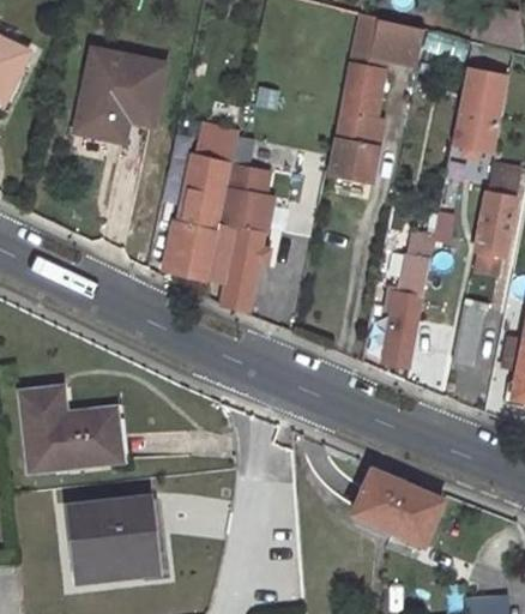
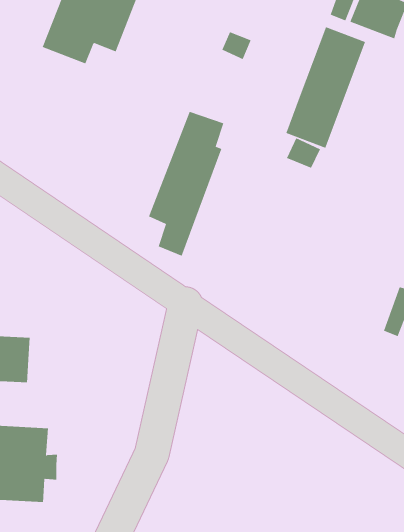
building: [163,126,239,278] -> none
building: [381,241,432,367] -> none
building: [355,469,442,546] -> none

